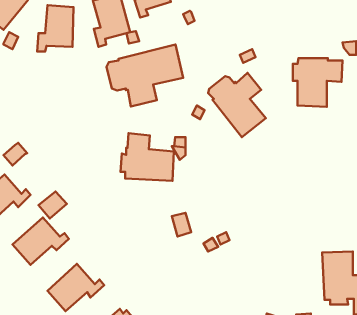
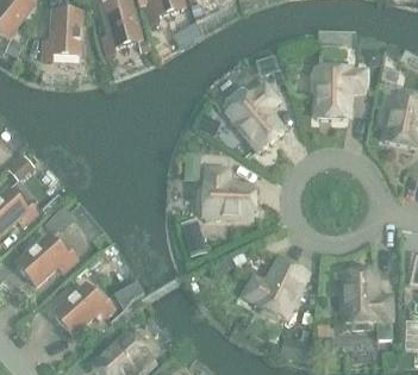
building: [106,45,183,107] -> none
building: [121,133,174,181] -> [196,167,252,217]
building: none -> [243,258,306,318]

